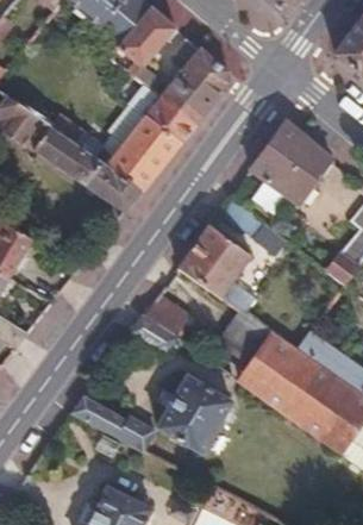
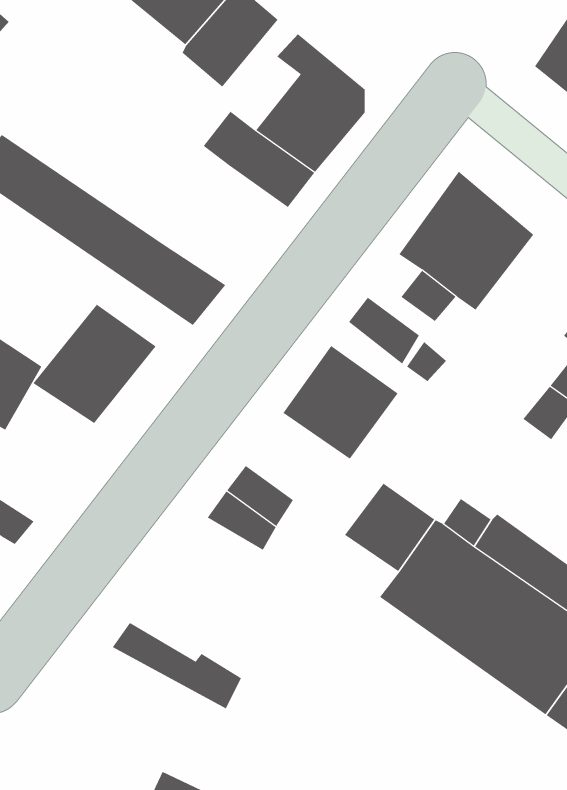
building: [106,115,182,189] -> [33,304,157,424]
building: [157,377,230,452] -> none

